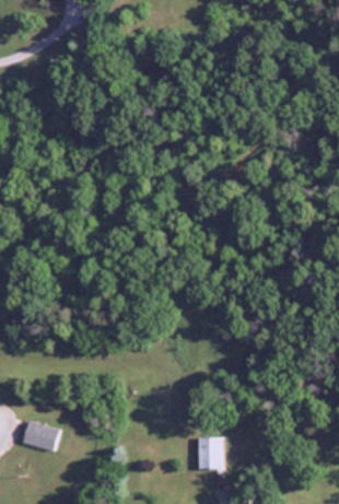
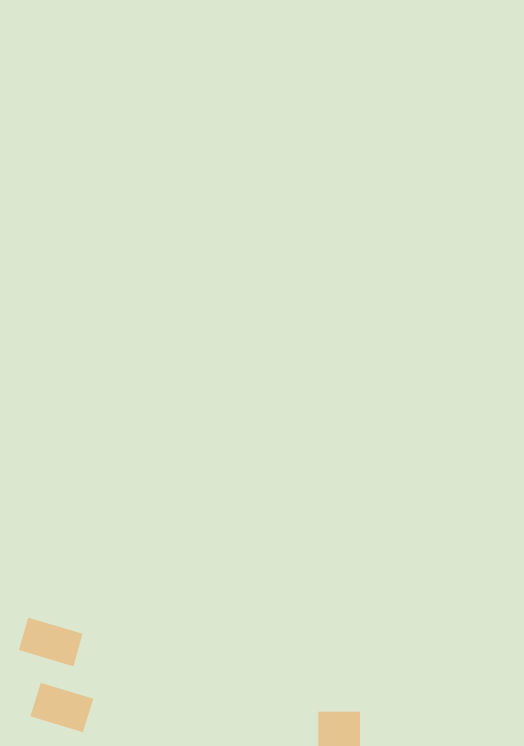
building: none -> [18,617,83,667]

